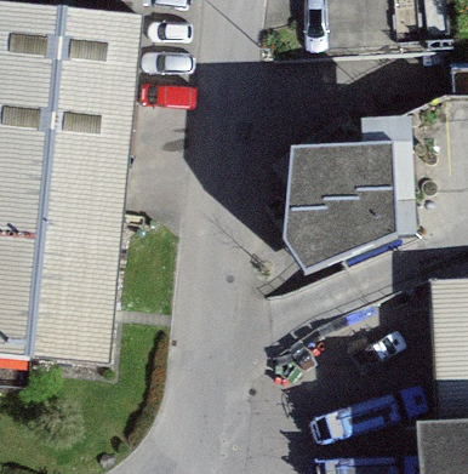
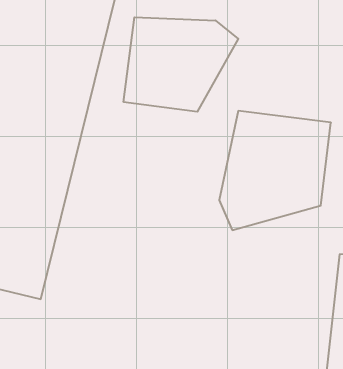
building: none -> [124,17,238,112]

